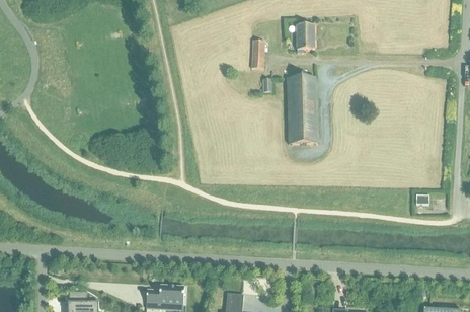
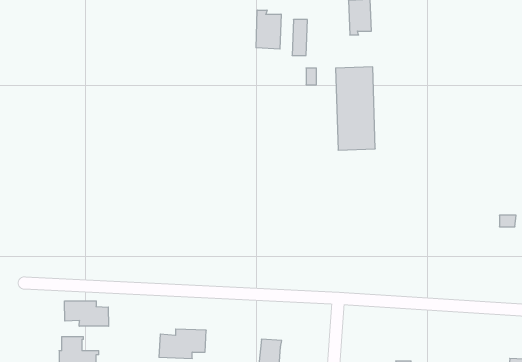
building: none -> [256,10,281,49]
building: none -> [65,301,109,326]

